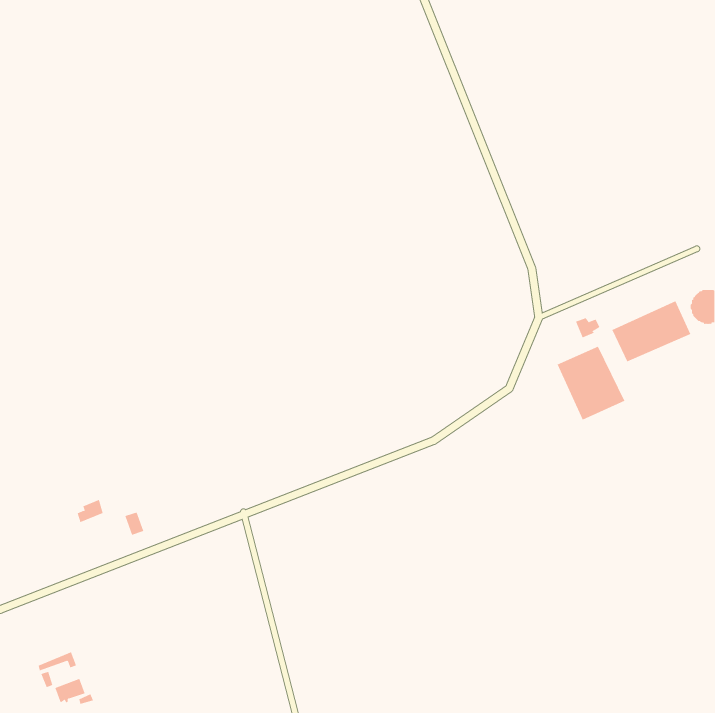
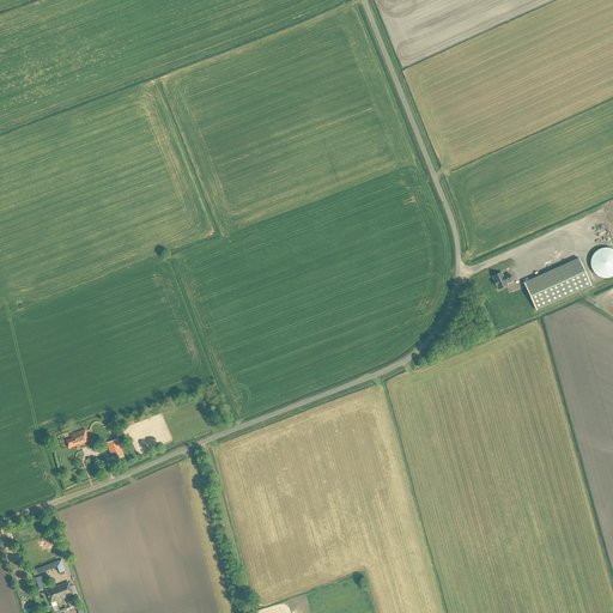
building: [557,346,625,421] -> none

